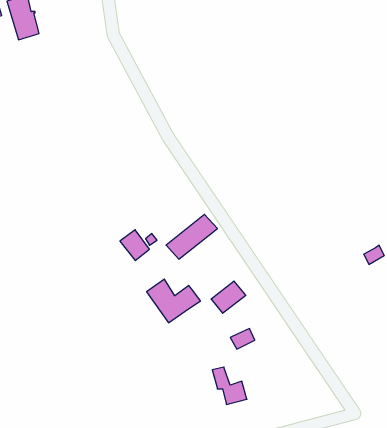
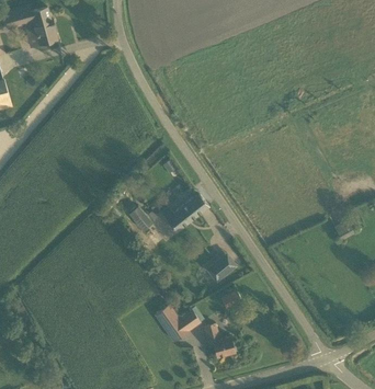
building: [147,279,200,323] -> [155,304,201,341]

